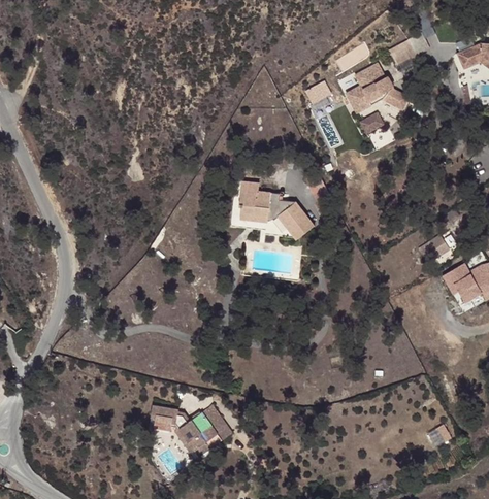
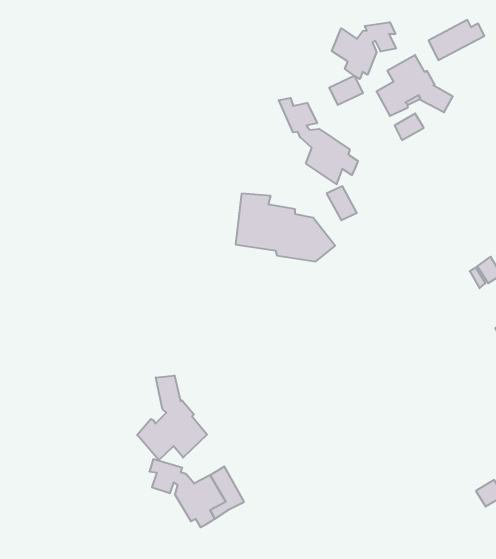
building: none -> [332,22,396,79]
building: none -> [279,98,358,184]
building: none -> [137,375,207,460]

